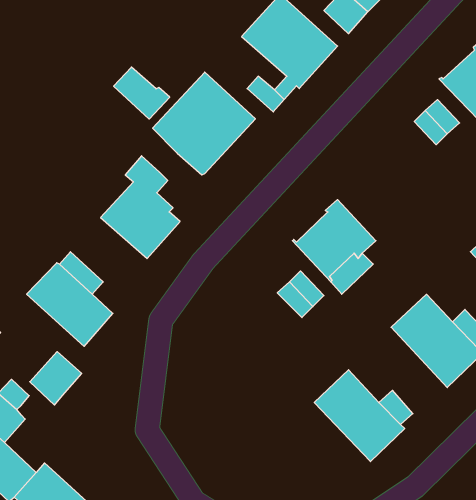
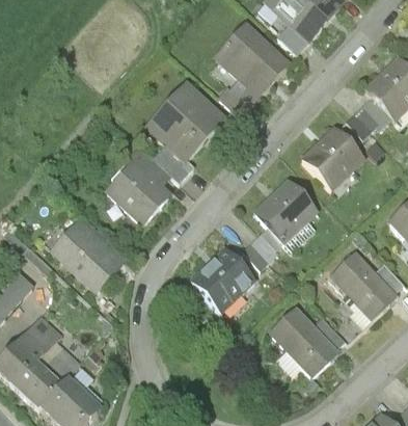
building: [114,67,170,119] -> [153,143,195,183]
building: none -> [302,126,363,187]
building: none -> [192,248,254,311]
building: [30,352,82,405] -> [40,345,80,385]

